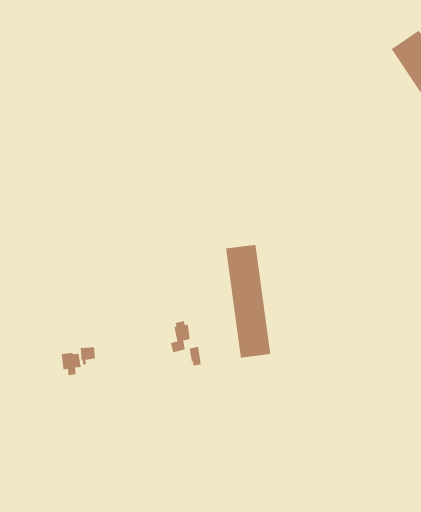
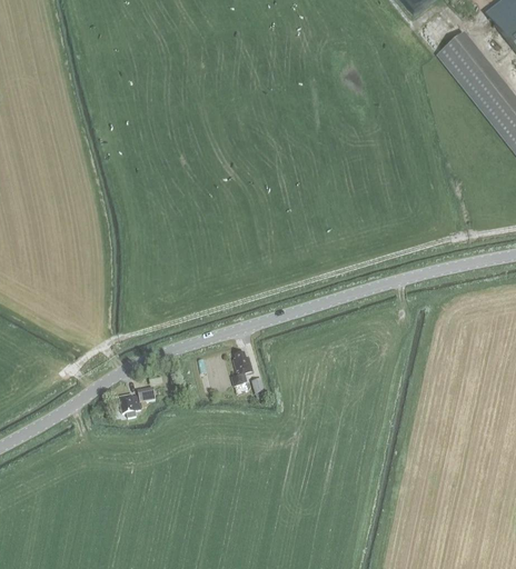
building: [226,244,271,358] -> none

